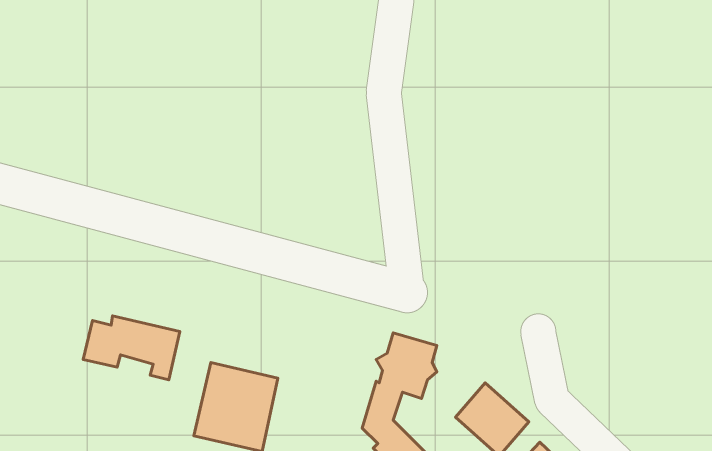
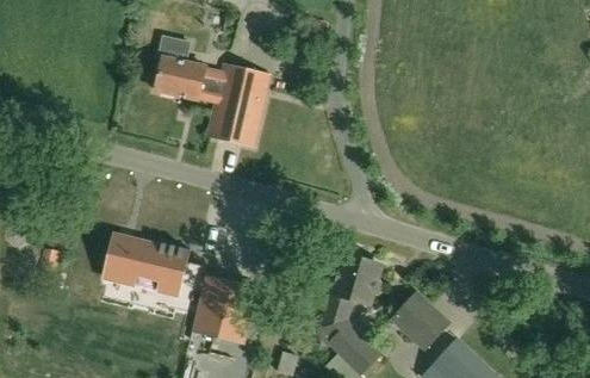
building: none -> [154,37,269,147]

